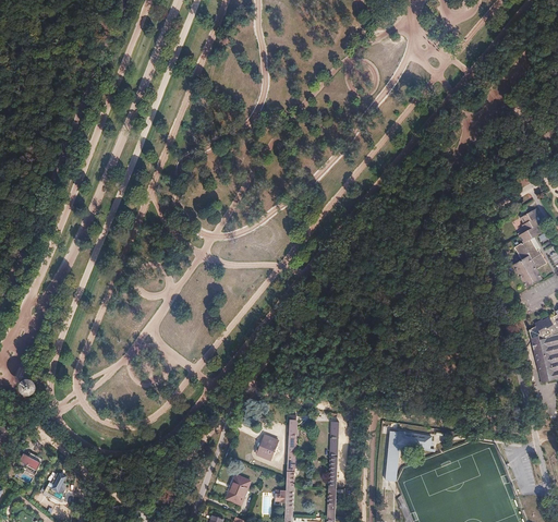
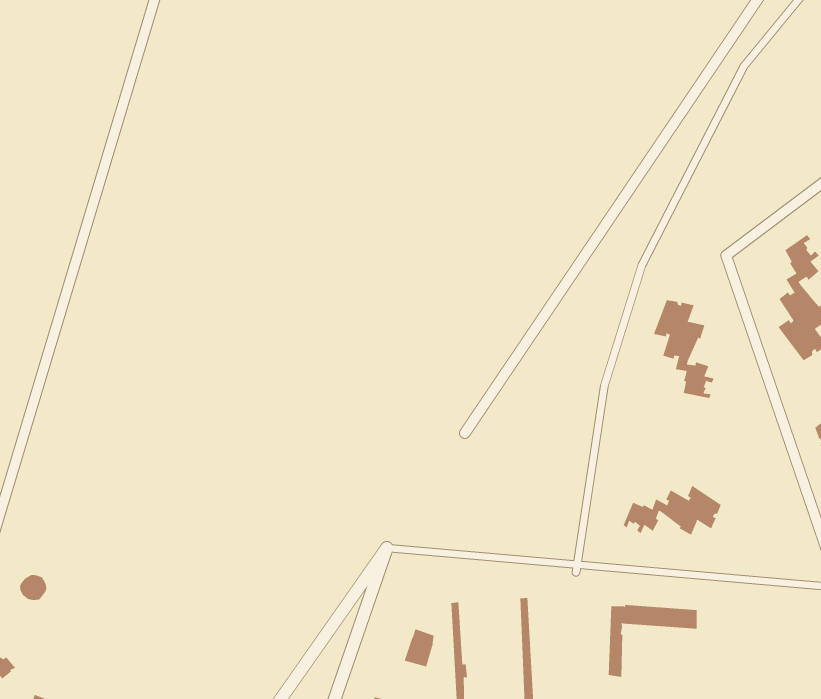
building: none -> [653,300,714,399]
building: none -> [623,485,721,536]

